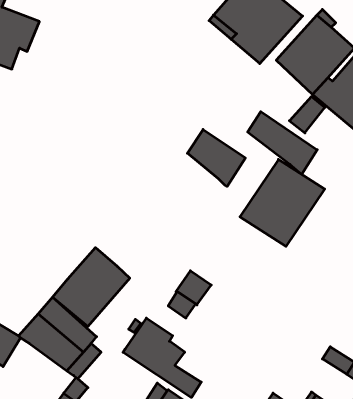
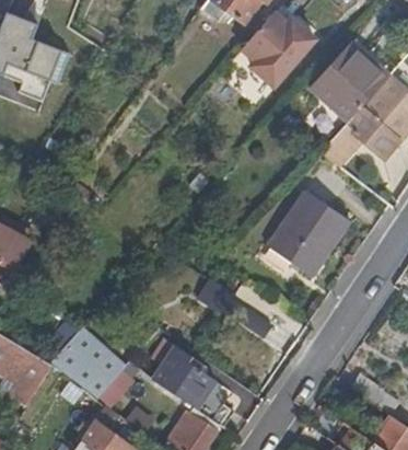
building: [248,112,317,174] -> none
building: [187,129,245,186] -> none
building: [53,248,130,326] -> none

